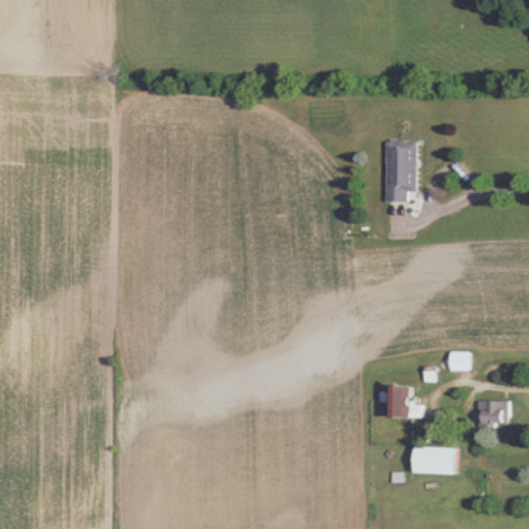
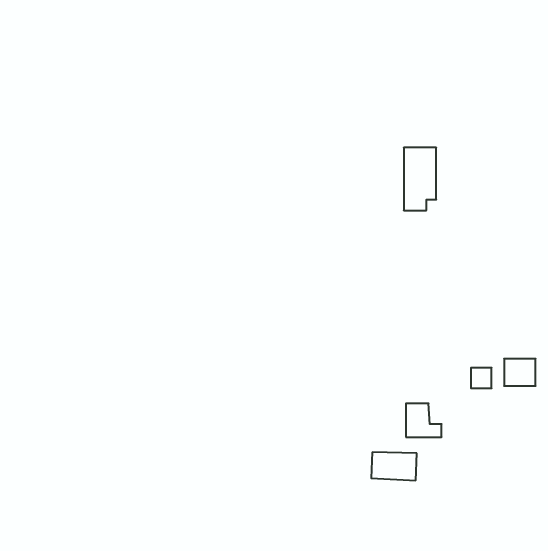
building: [476,400,506,426] -> [504,359,536,386]
building: [411,446,455,473] -> [371,452,417,480]

